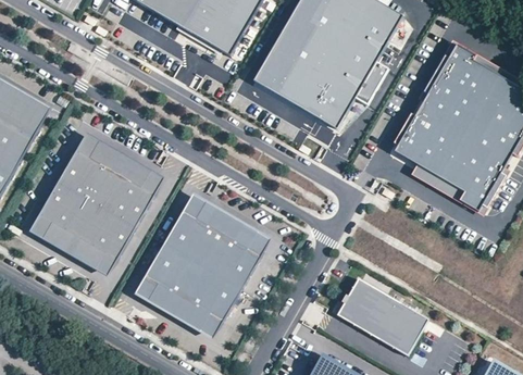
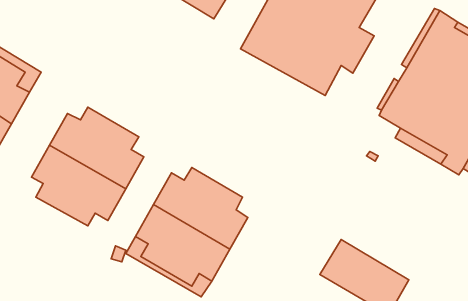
building: [75,132,163,193] -> none
building: [182,193,270,255] -> none
building: [27,214,116,276] -> none

